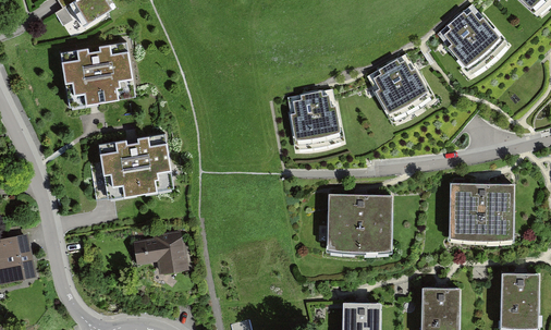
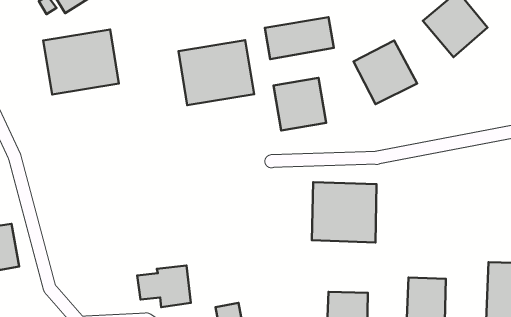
building: none -> [265,17,334,59]
building: [98,134,173,198] -> [178,40,254,105]
building: [449,179,514,237] -> none
building: [134,231,187,272] -> [137,266,191,307]

